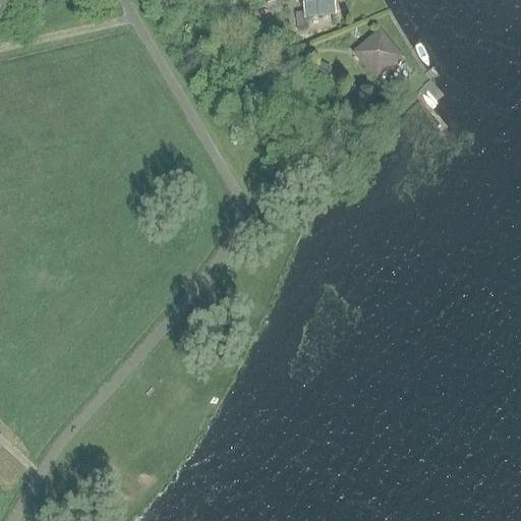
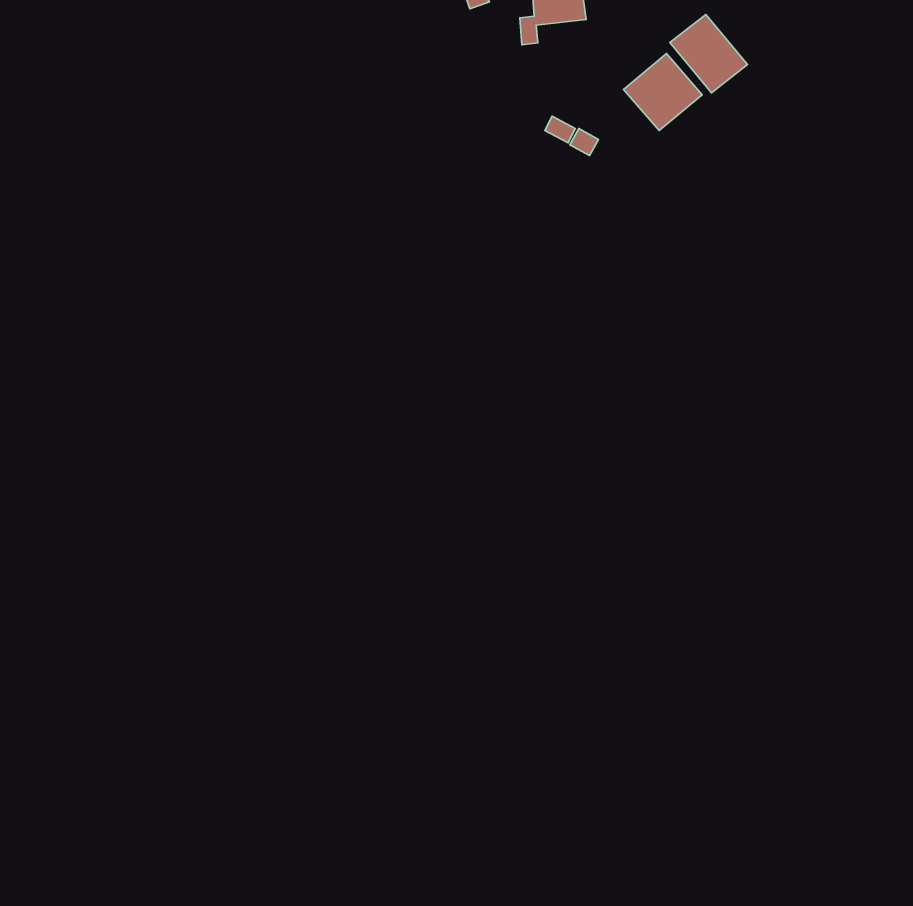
building: none -> [670,14,748,93]

